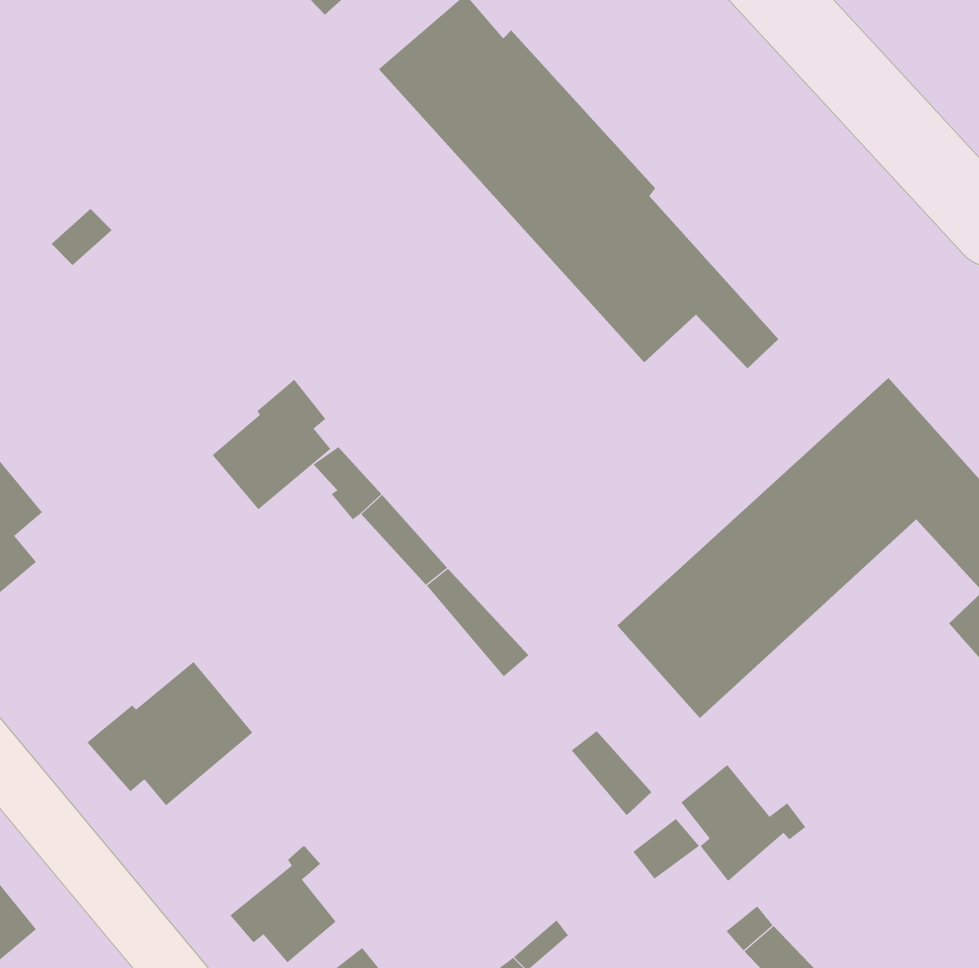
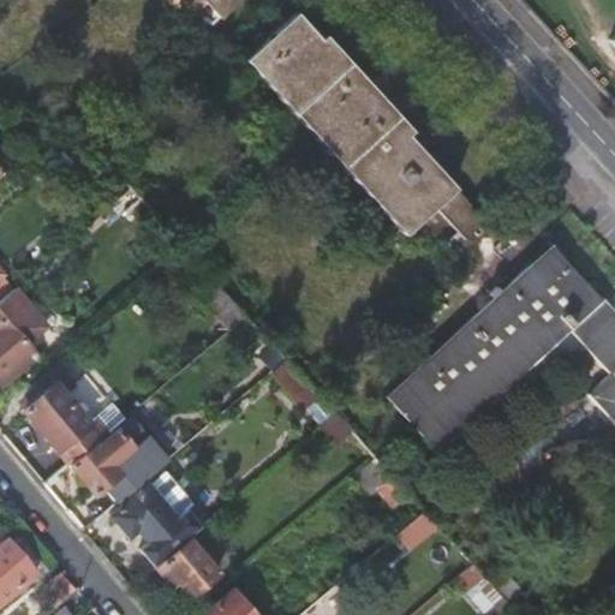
building: [212,379,331,510] -> none
building: none -> [23,374,119,465]
building: [681,764,805,882] -> none
building: none -> [111,485,199,567]

